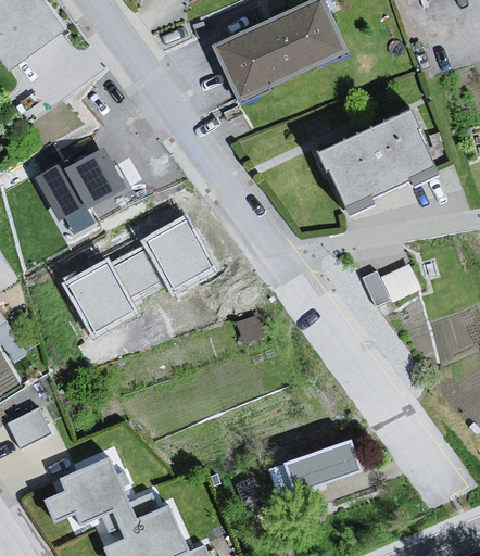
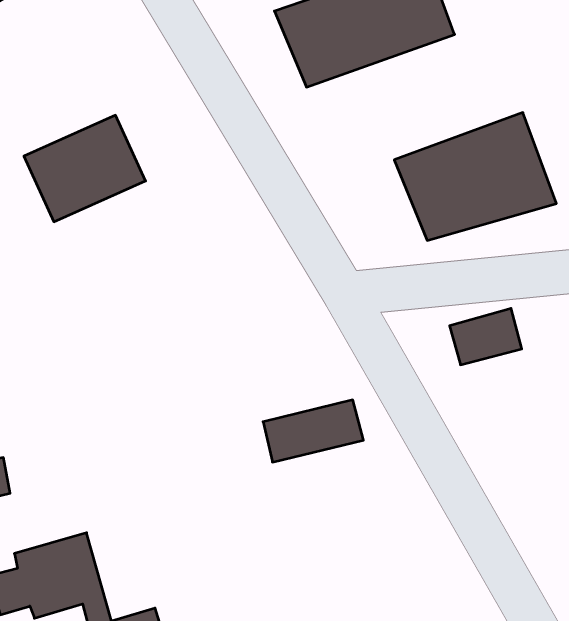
building: [64,214,219,334] -> none
building: [283,440,359,492] -> [263,400,363,462]

